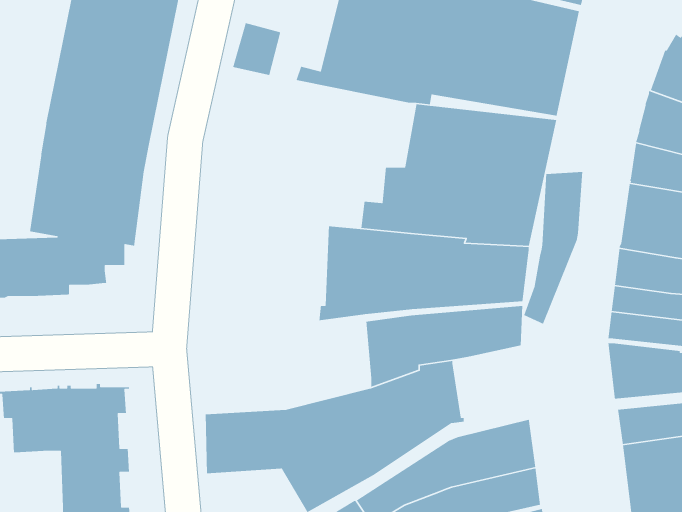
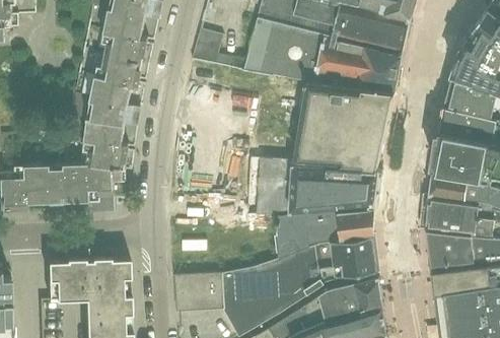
building: [523,171,583,325] -> none
building: none -> [331,235,378,277]

